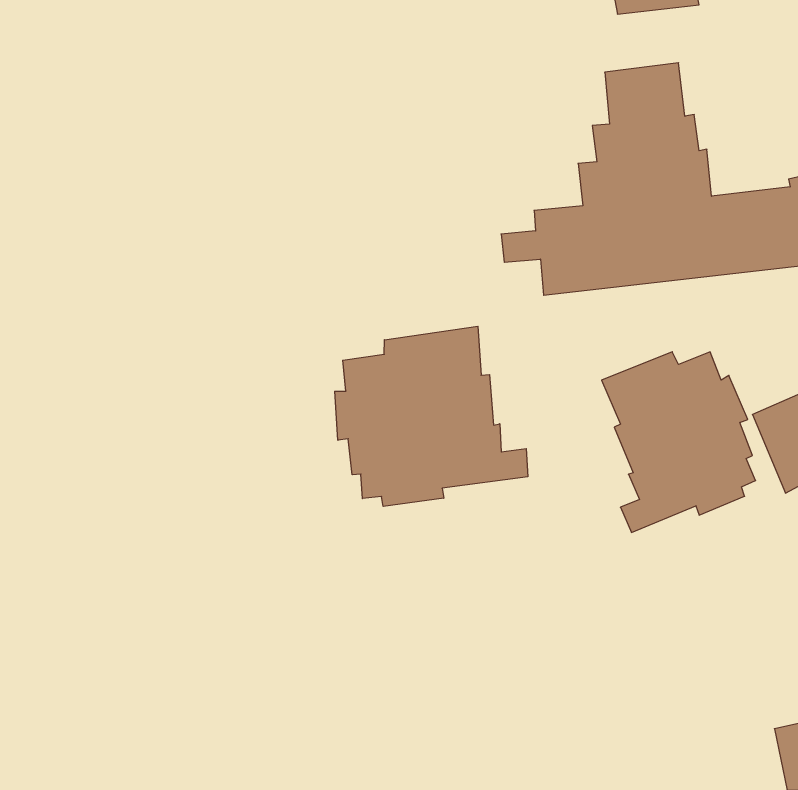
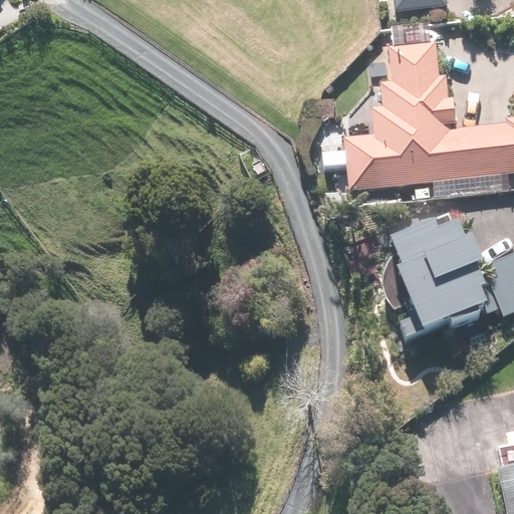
building: [335,326,528,506] -> none

